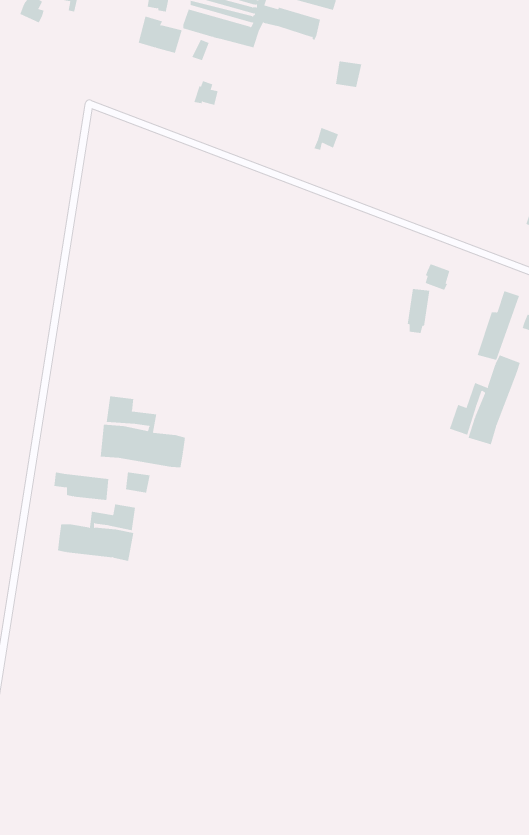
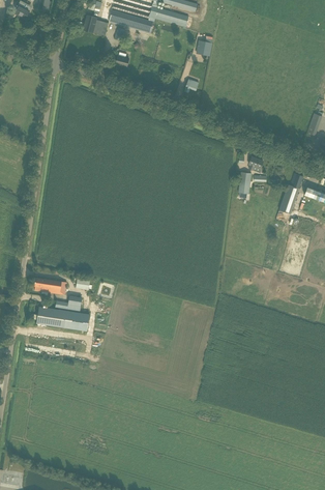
building: [449,354,520,445] -> none
building: [100,395,185,468] -> none

